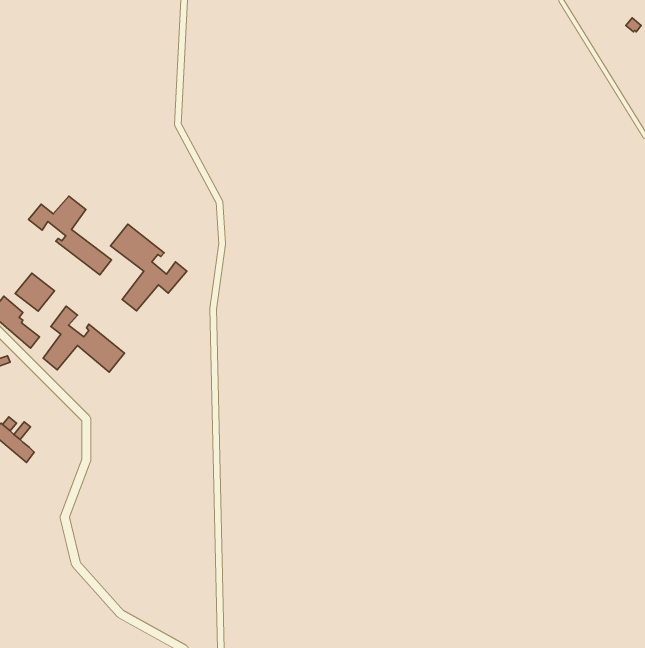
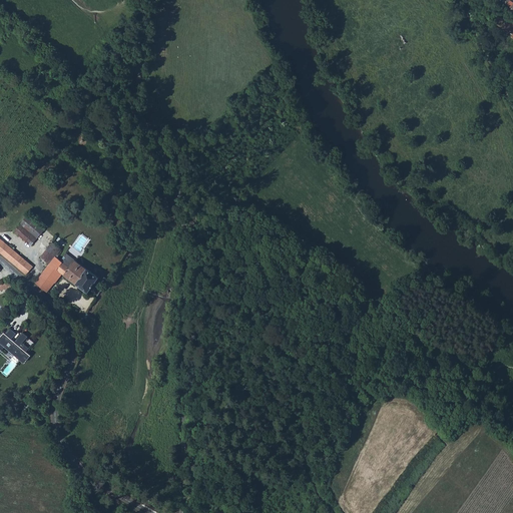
building: [28,196,112,275] -> none
building: [111,224,187,311] -> none

